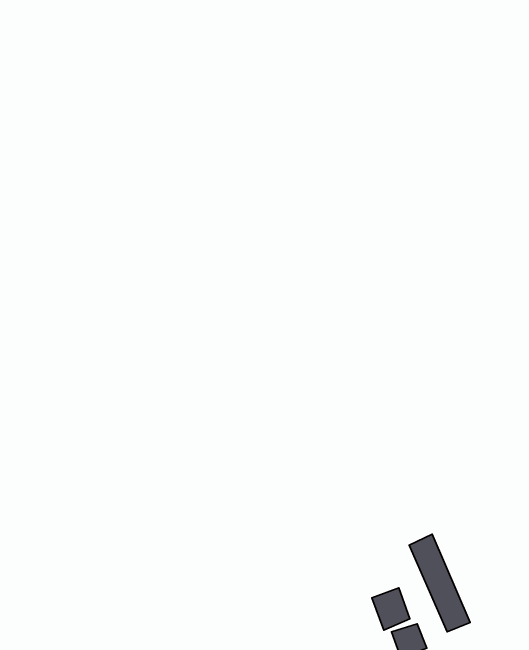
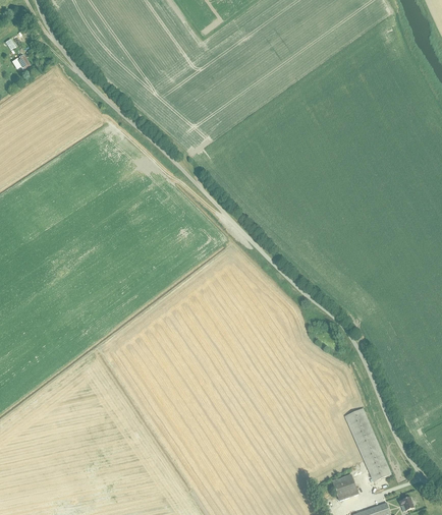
building: [372,588,410,630] -> none

